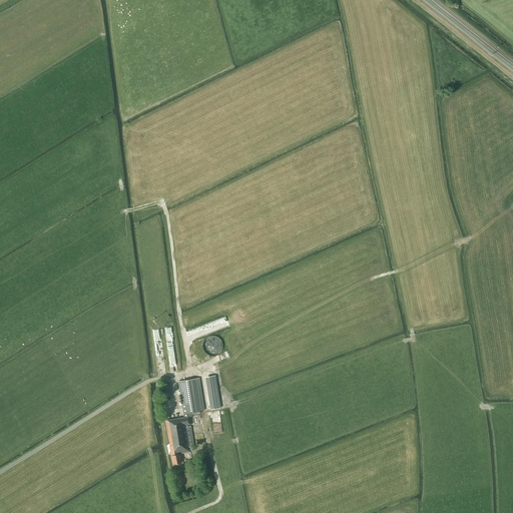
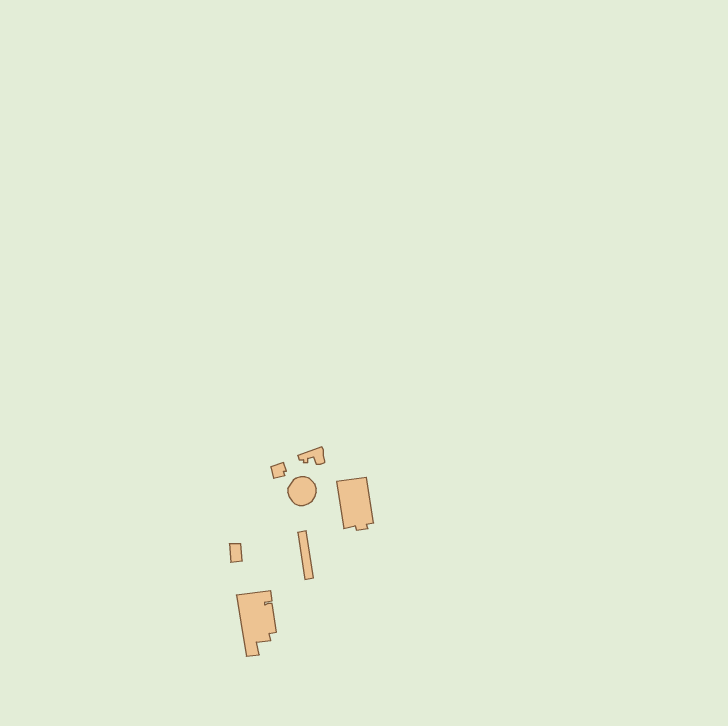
building: [178,377,204,414] -> [337,477,374,530]

